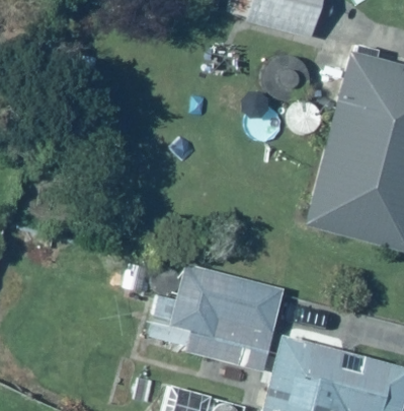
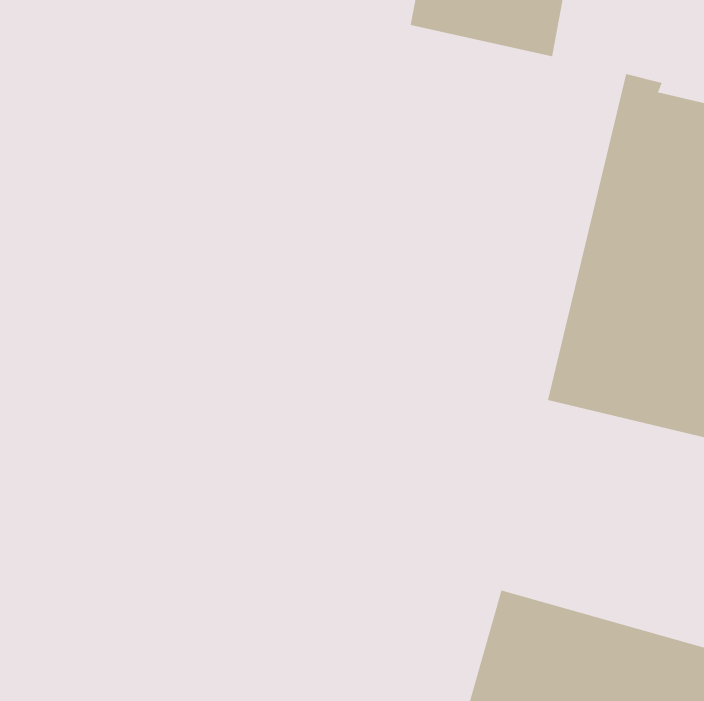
building: [145,265,286,373] -> none

